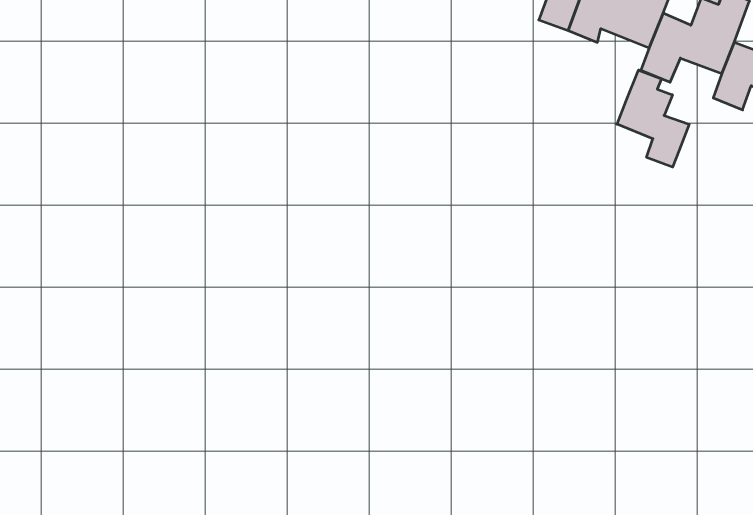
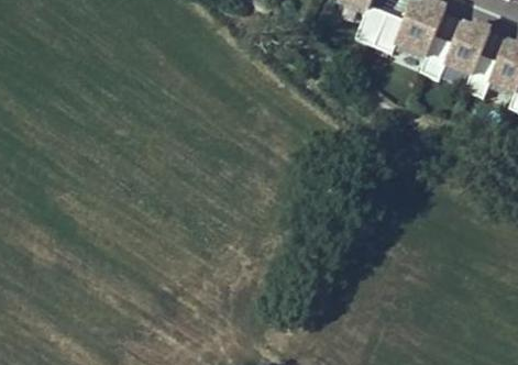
building: [617,70,689,167] -> none

